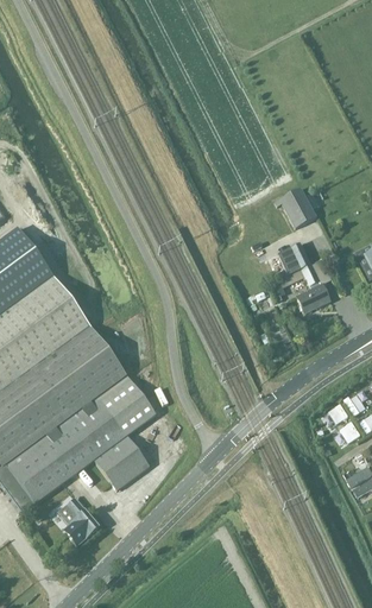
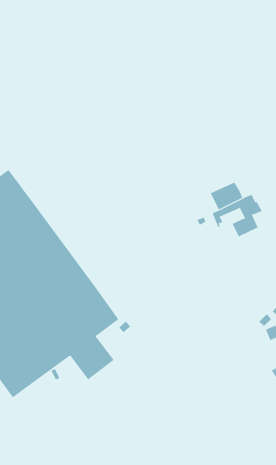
building: [275,186,316,227] -> none
building: [59,496,99,540] -> none

